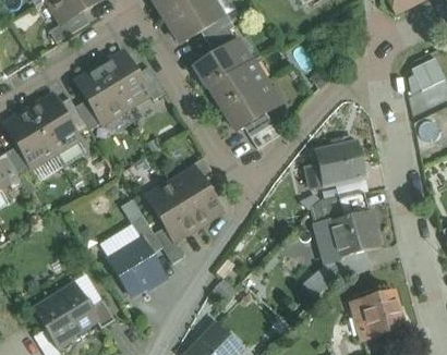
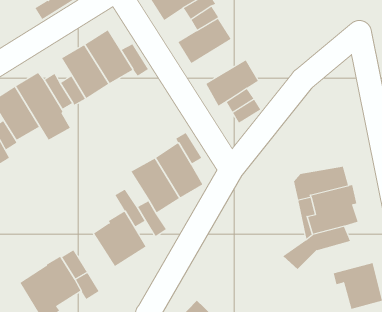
building: [208,60,264,107] -> none
building: [312,140,366,186] -> none

